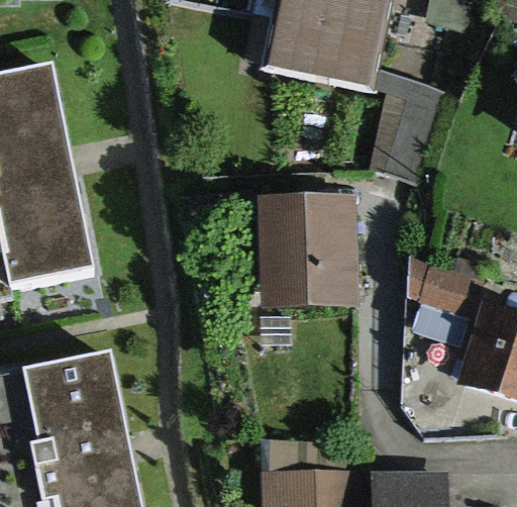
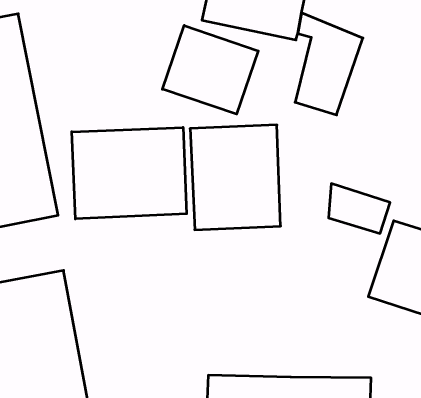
building: none -> [162,25,258,114]
building: none -> [72,127,187,219]

